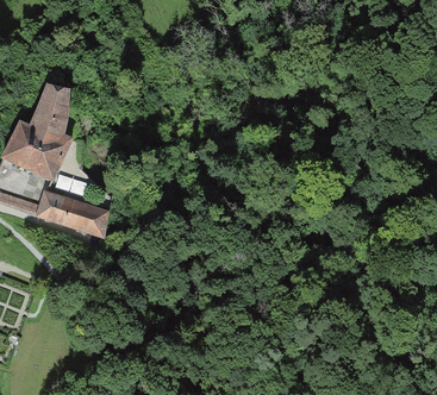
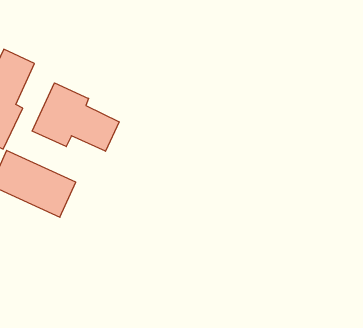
building: none -> [32,83,119,151]

